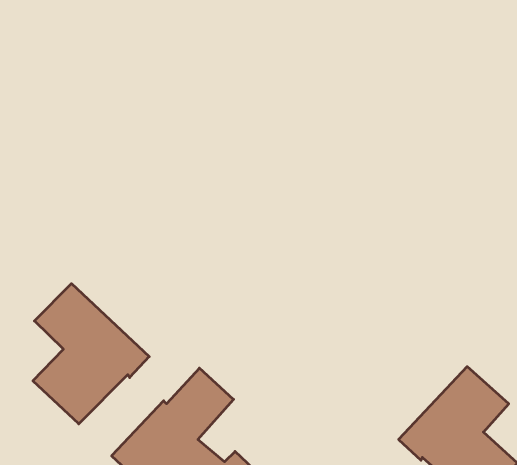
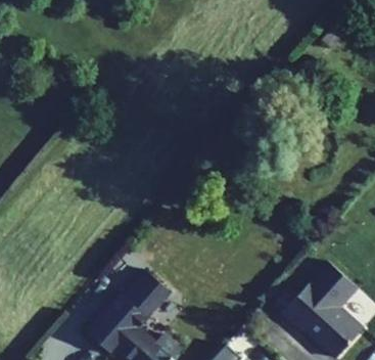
building: [33,284,149,424] -> none

